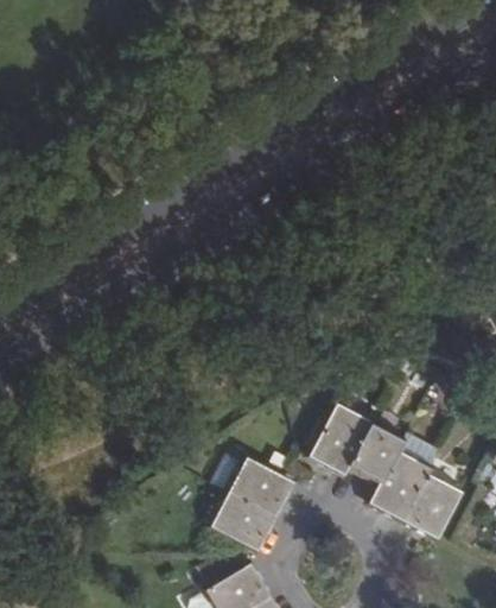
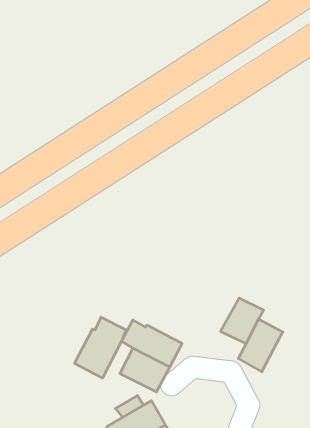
building: [312,406,373,476] -> none
building: none -> [75,317,126,378]
building: [403,474,462,540] -> none

